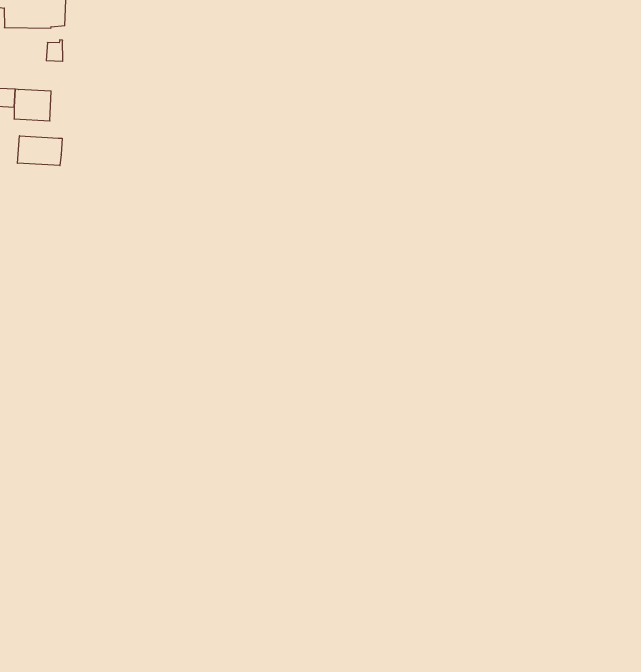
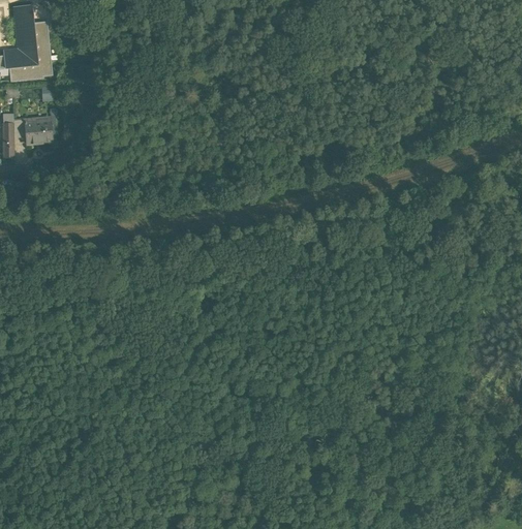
building: [17,136,62,166] -> none

